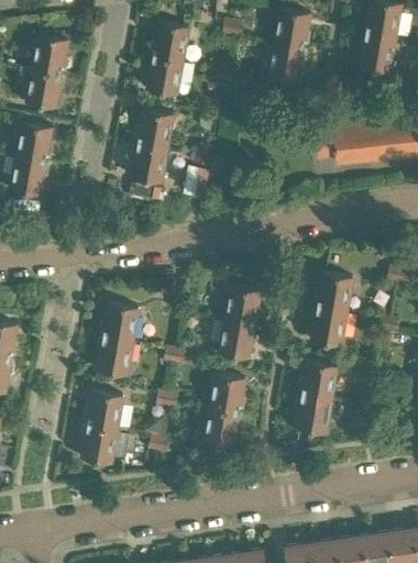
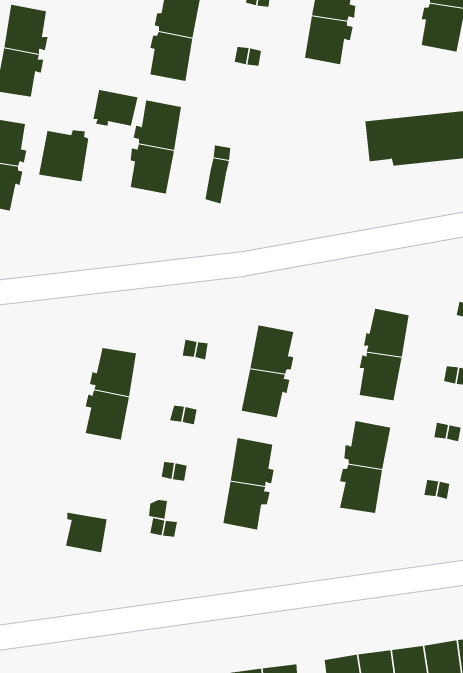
building: none -> [93,89,138,127]
building: none -> [38,129,89,182]
building: [82,394,122,440] -> none

